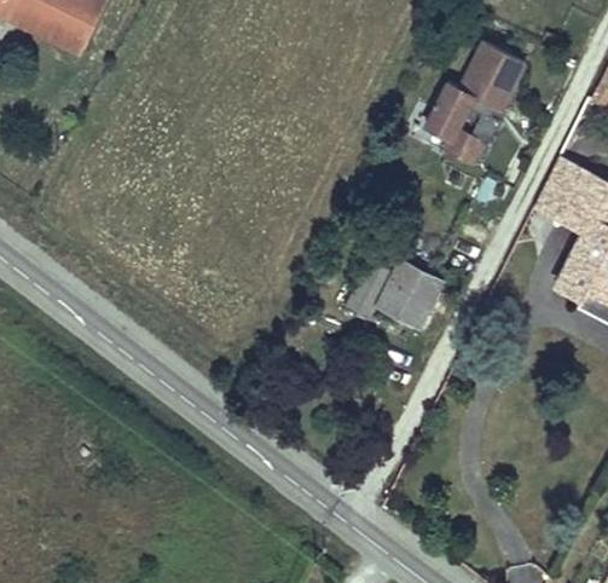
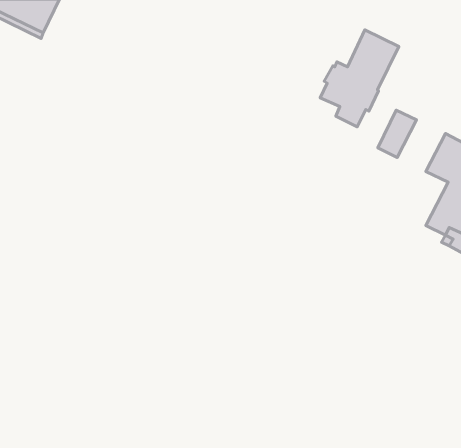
building: [534,158,583,218] -> [378,110,417,157]
building: [346,259,442,324] -> none

